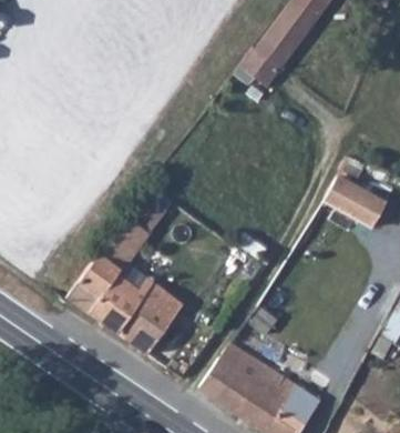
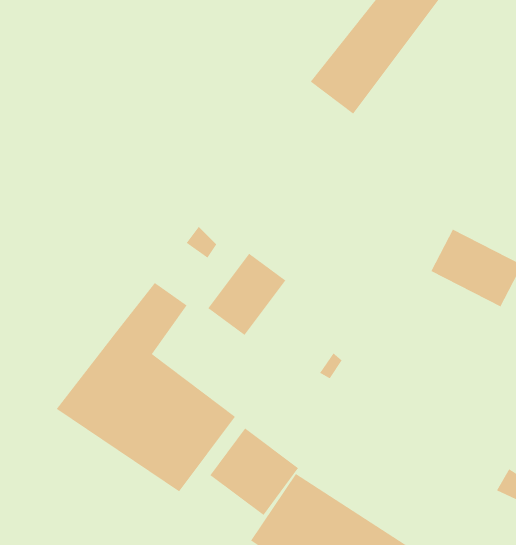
building: none -> [208,253,286,336]
building: none -> [210,428,299,516]

